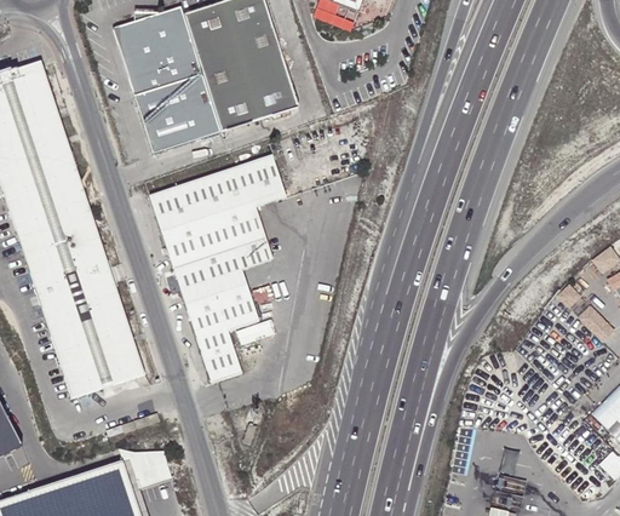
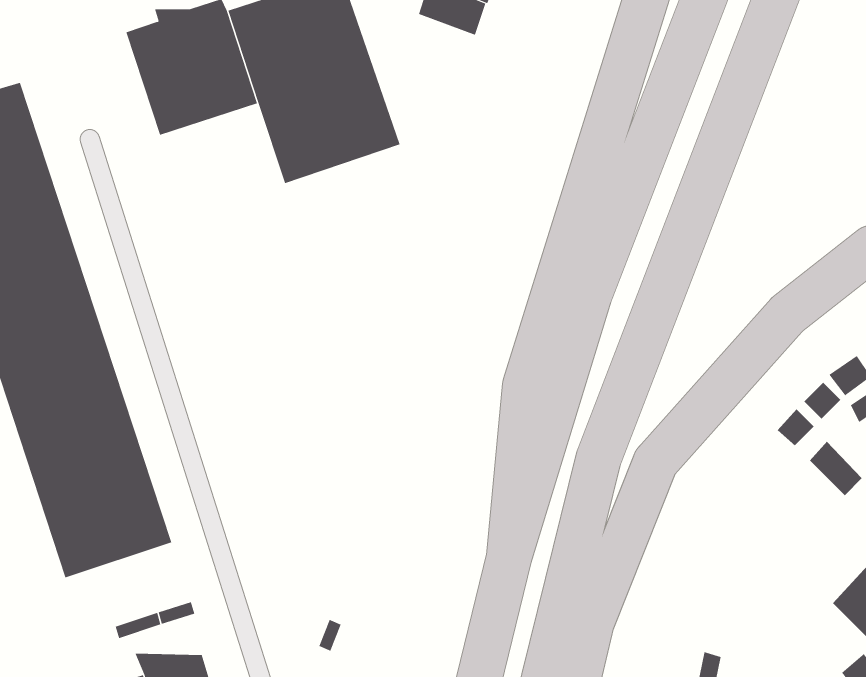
building: [136,76,220,154] -> none
building: [149,154,286,383] -> none

